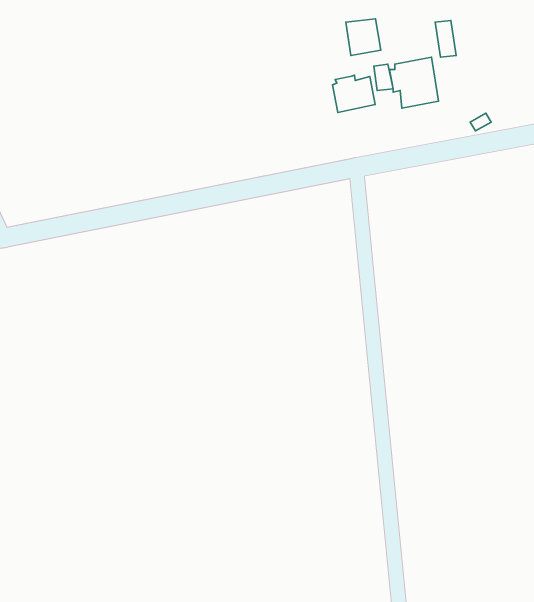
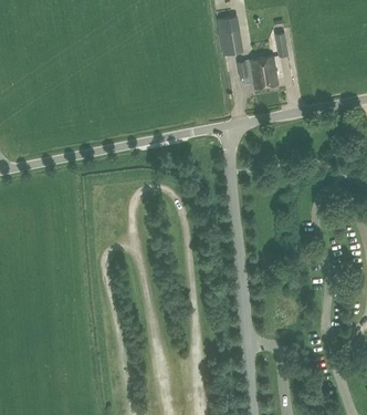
building: [333,75,375,113] -> none

